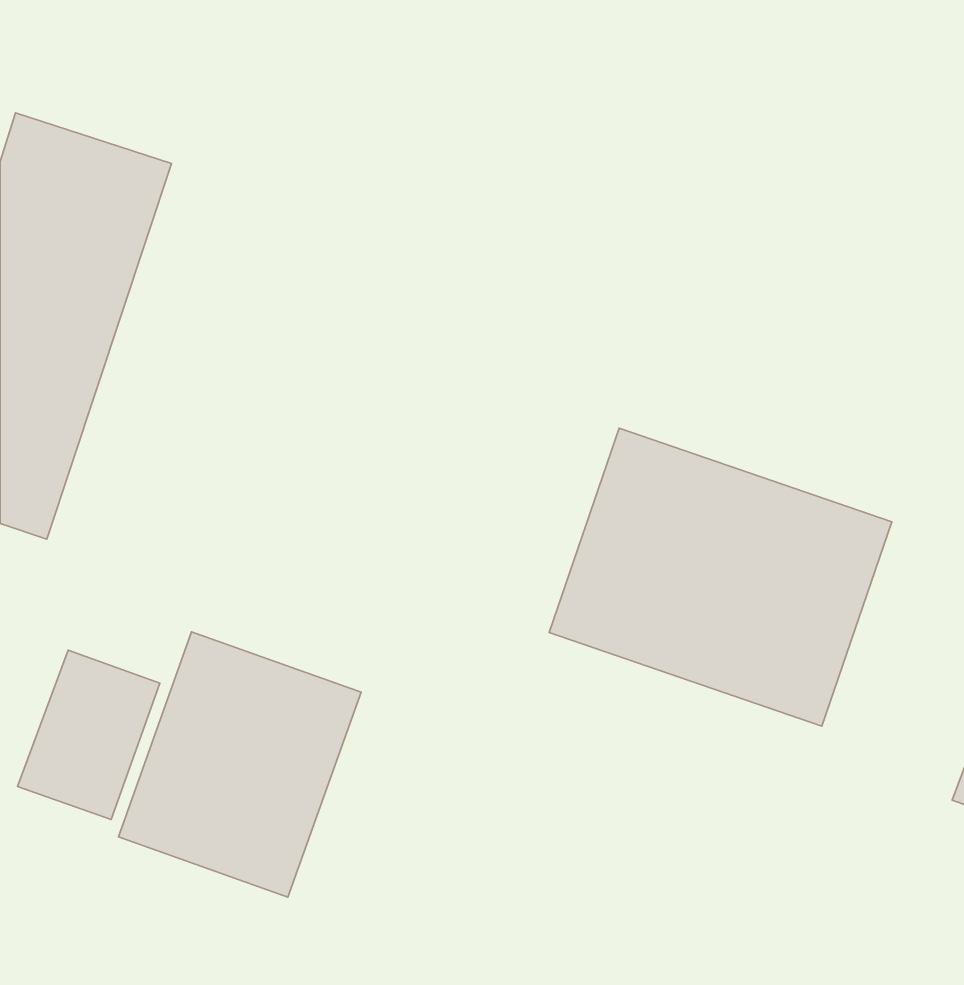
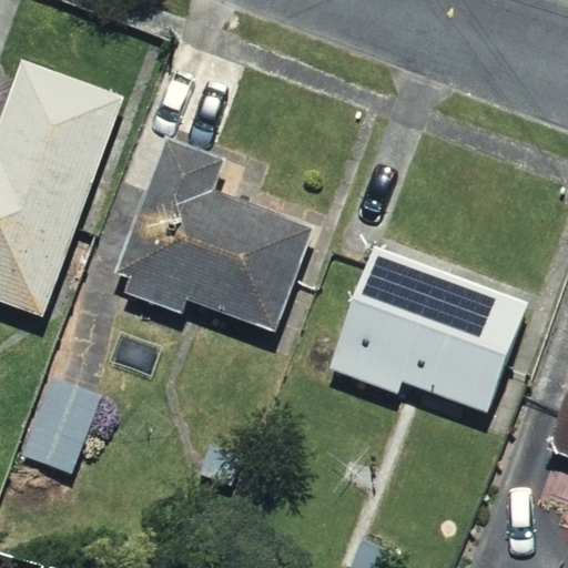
building: none -> [118,142,313,335]
building: [118,632,361,897] -> none

